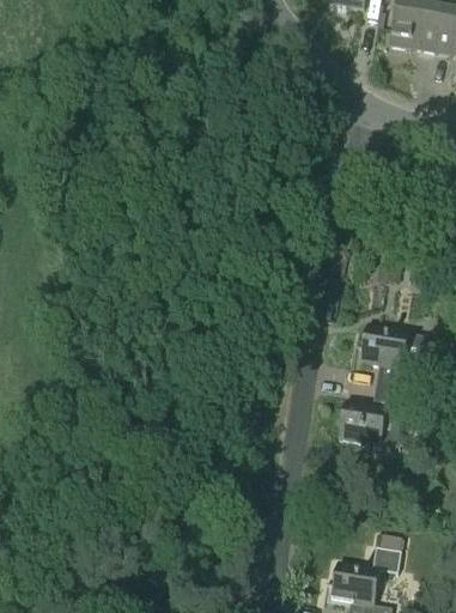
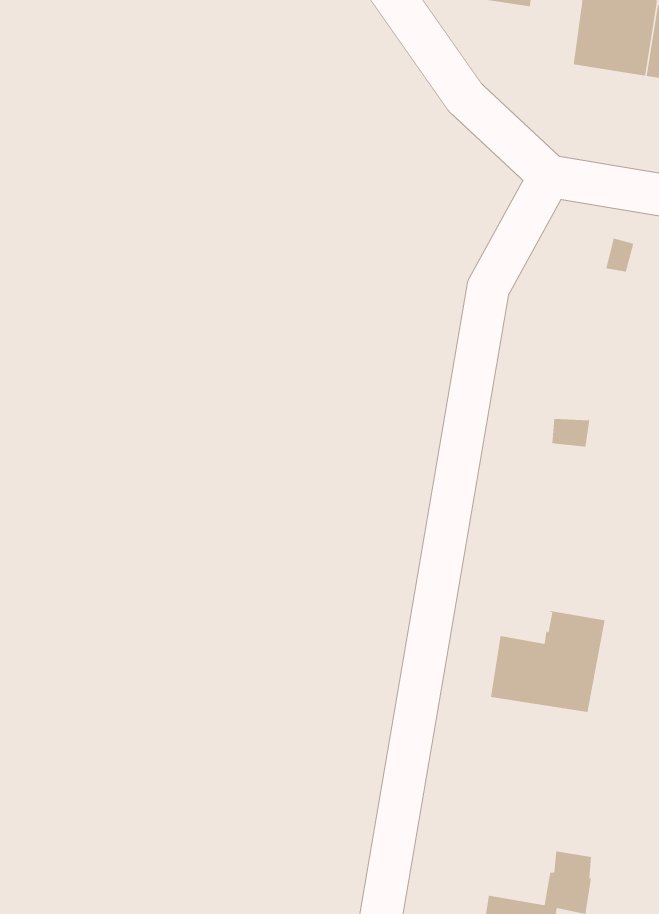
building: [360,324,428,390] -> none

